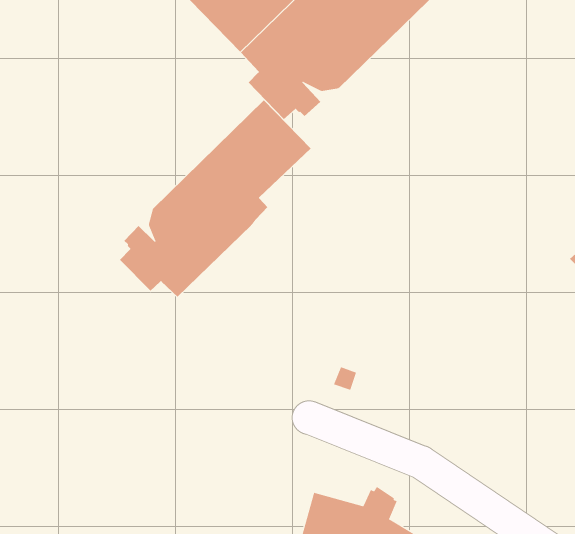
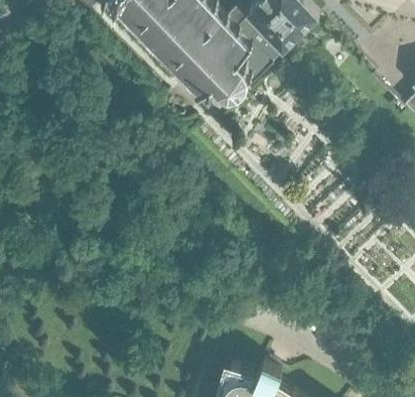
building: [119,100,312,298] -> none

